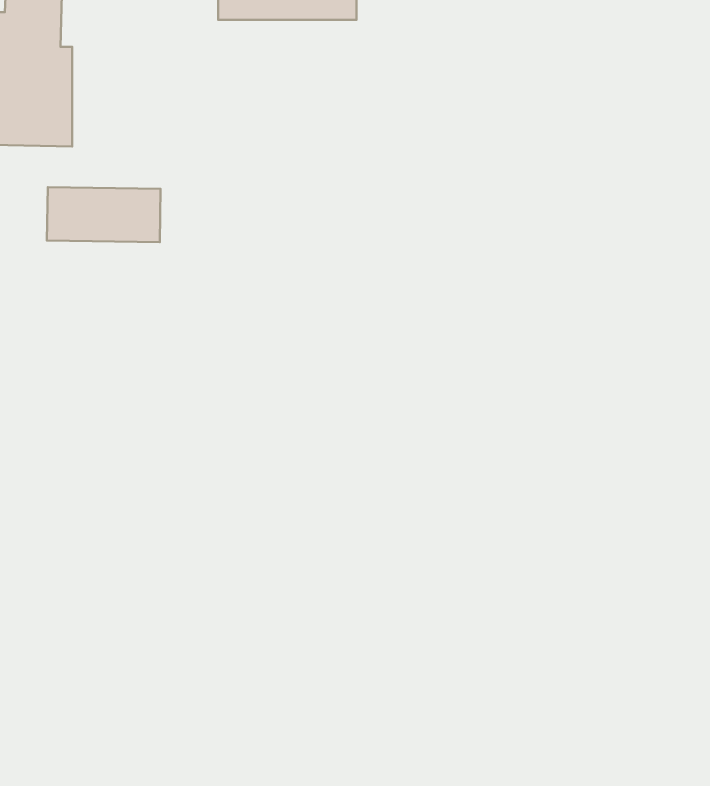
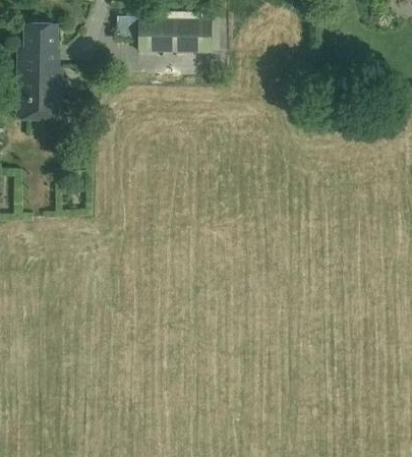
building: [47,187,160,242] -> none

